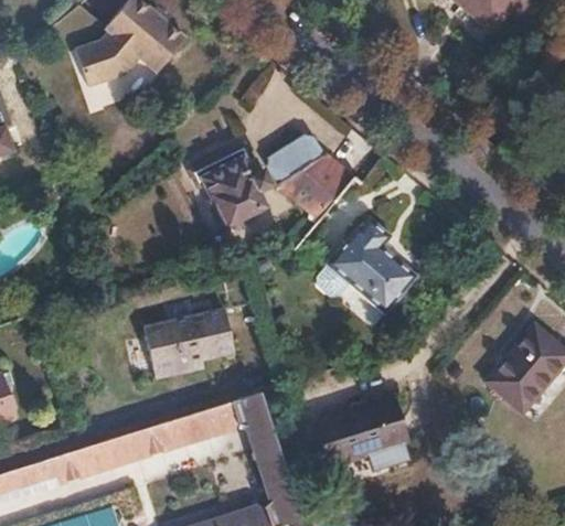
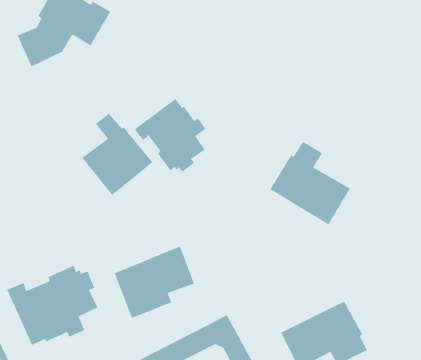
building: [271,141,352,219] -> none
building: none -> [81,113,153,196]
building: none -> [7,265,98,346]

